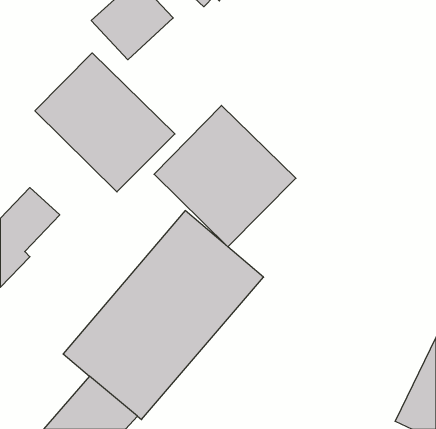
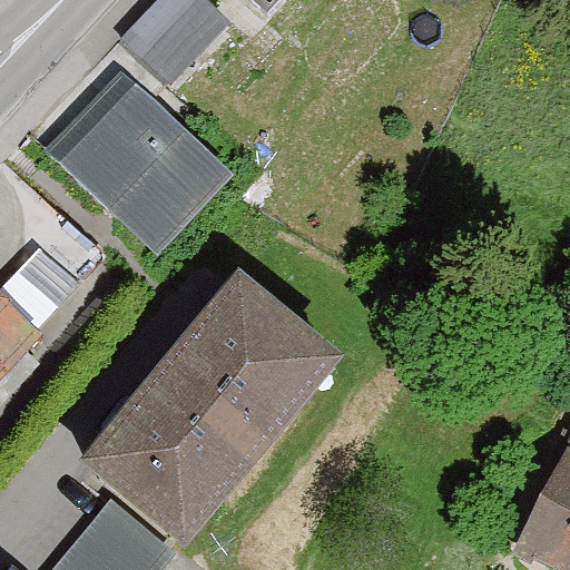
building: [154,105,296,247] -> none

